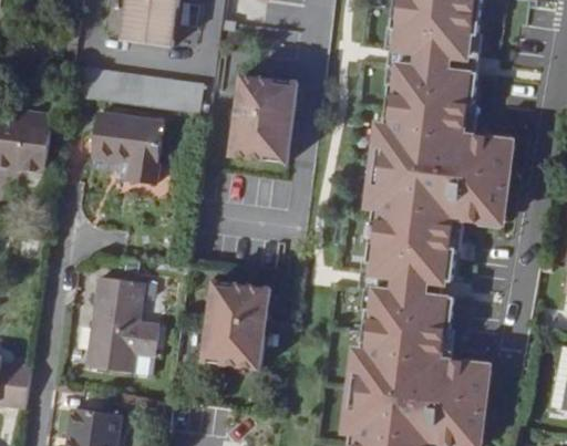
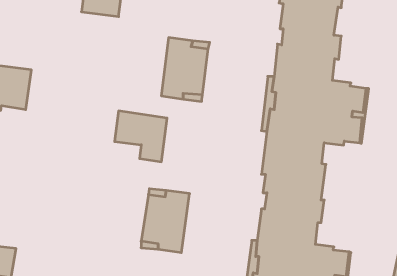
building: [69,66,202,113] -> none
building: [91,113,163,183] -> [115,111,167,162]
building: [86,276,156,374] -> none

